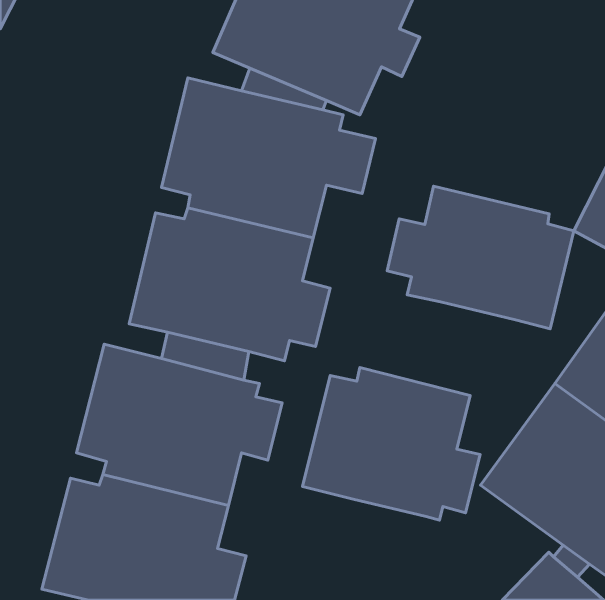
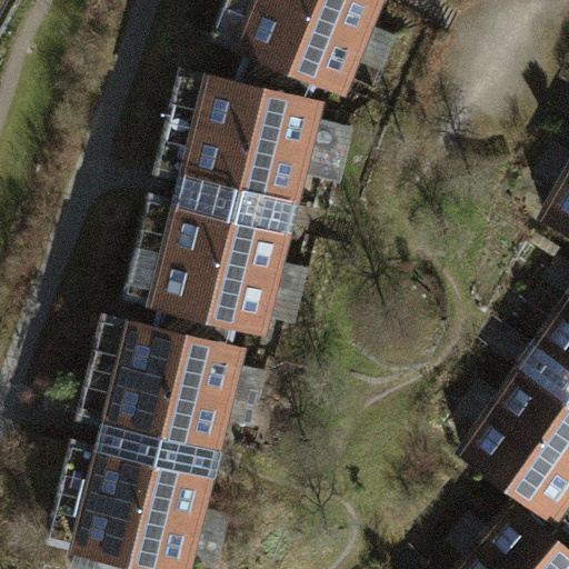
building: [387,186,574,329] -> none
building: [303,368,480,520] -> none

